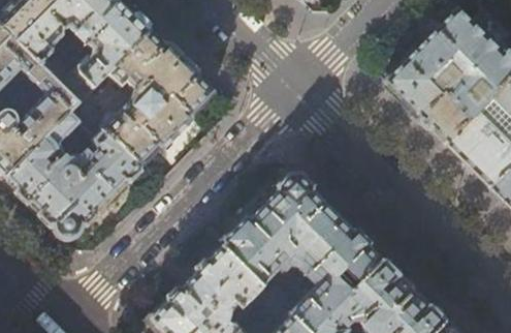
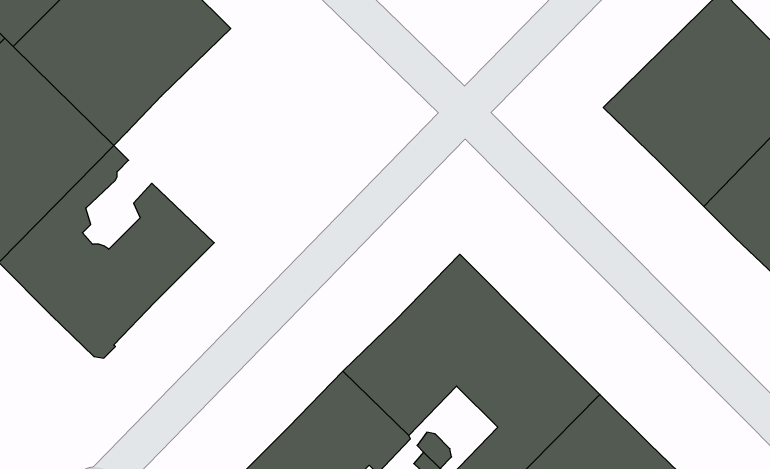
building: [78,30,214,164] -> none

